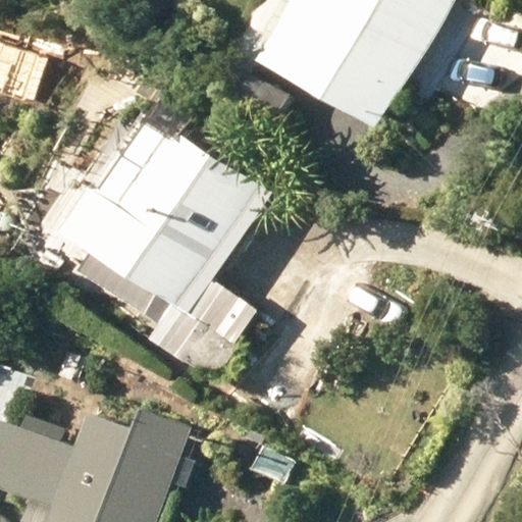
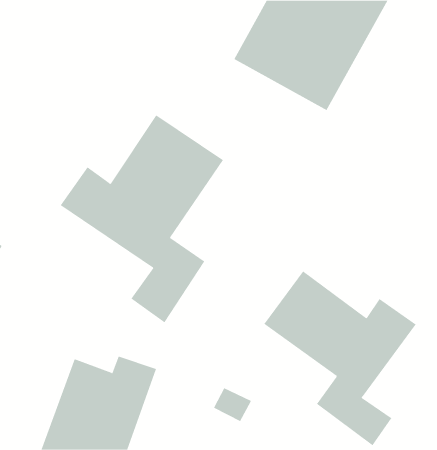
building: none -> [264,271,416,446]

